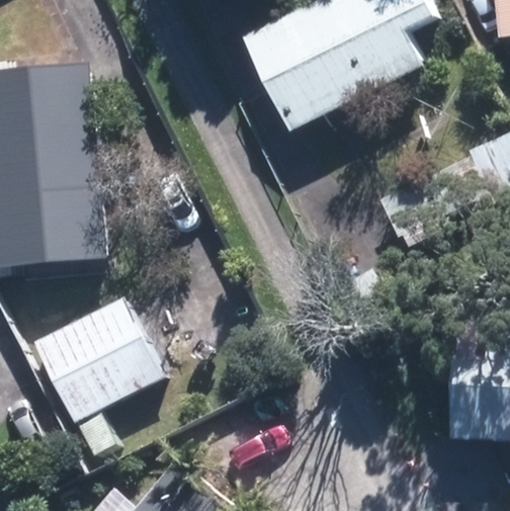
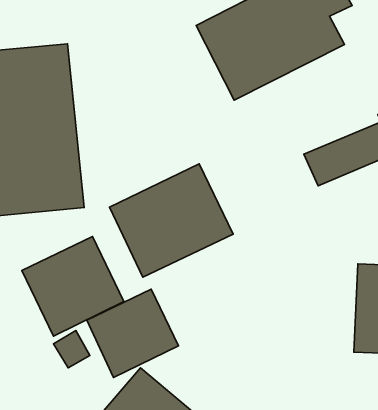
building: none -> [109,164,233,277]
building: none -> [87,289,178,377]

